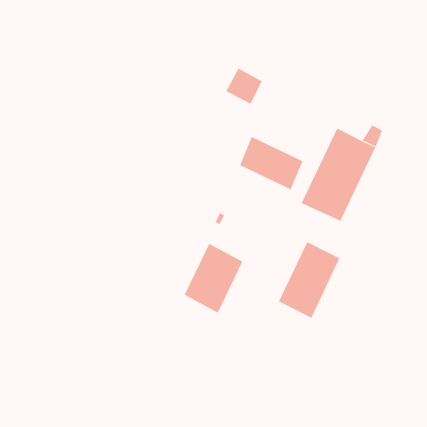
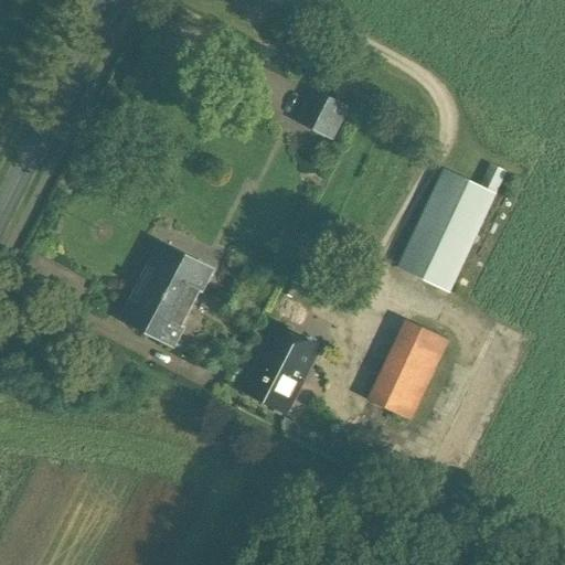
building: [239,136,303,190] -> none
building: none -> [122,244,211,340]

